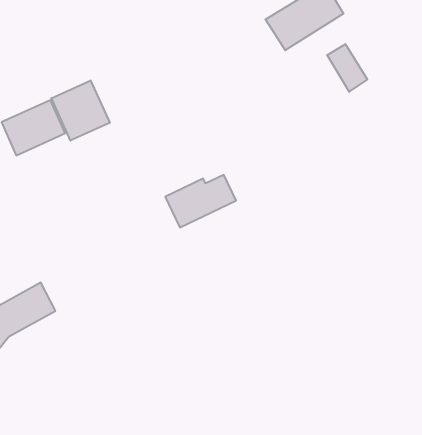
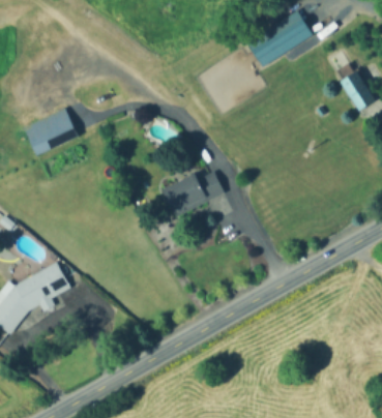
building: [327,44,367,92] -> [341,70,375,111]
building: [51,80,110,141] -> none

